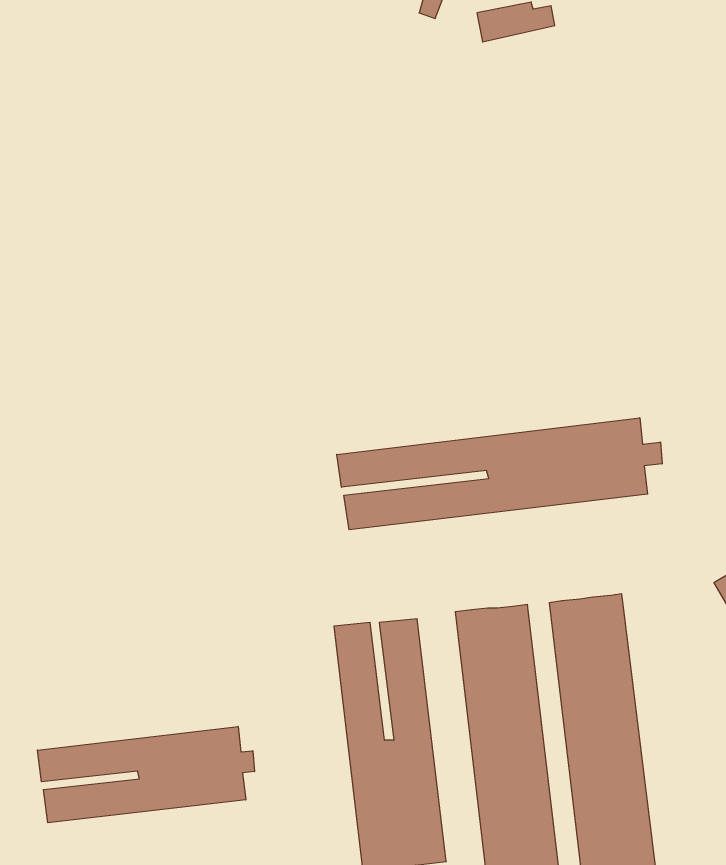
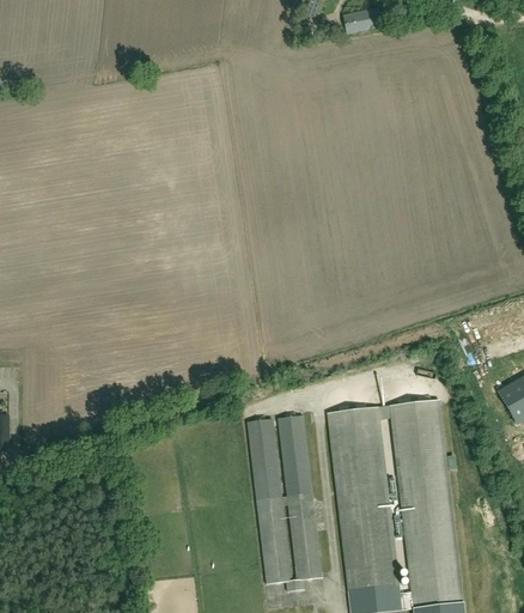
building: [337,418,662,530] -> none
building: [37,726,254,823] -> none

